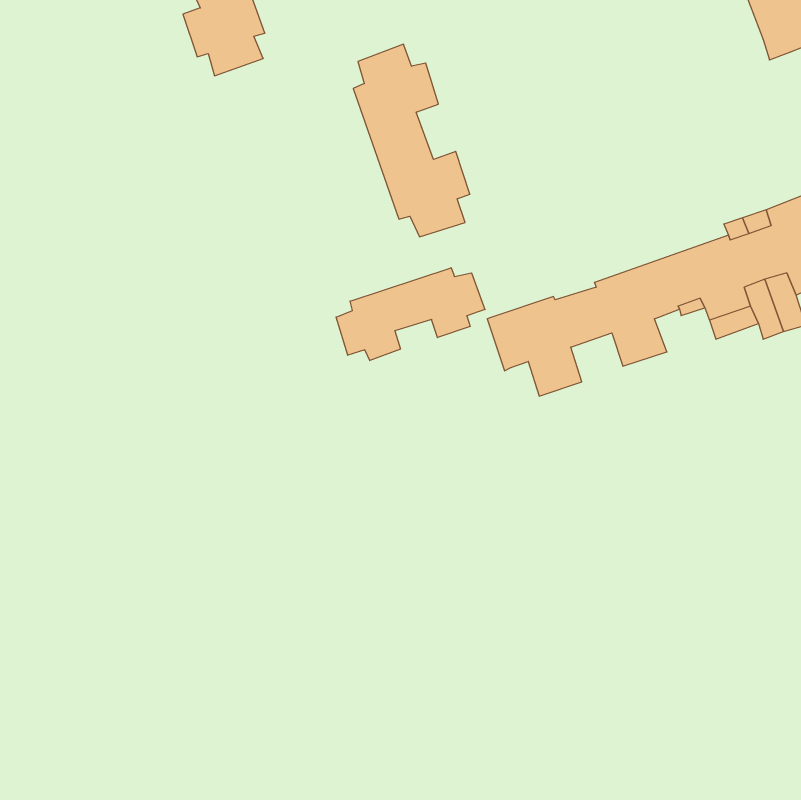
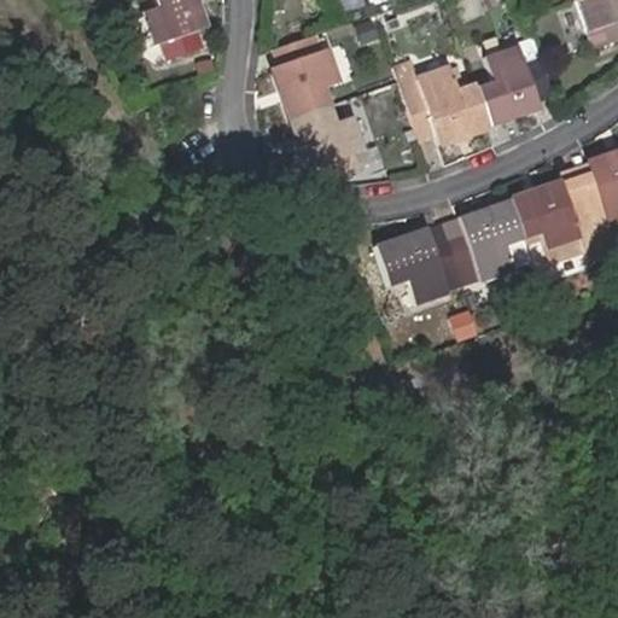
building: none -> [401,43,550,142]
building: [336,268,485,361] -> none

